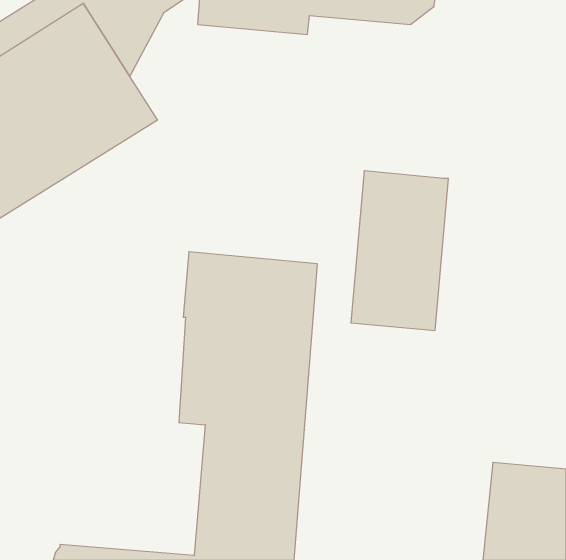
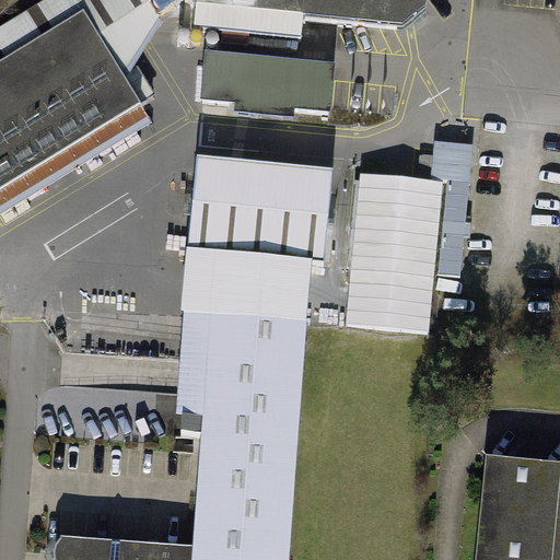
building: none -> [200,51,335,117]
building: none -> [431,136,472,270]
building: none -> [186,156,334,260]

